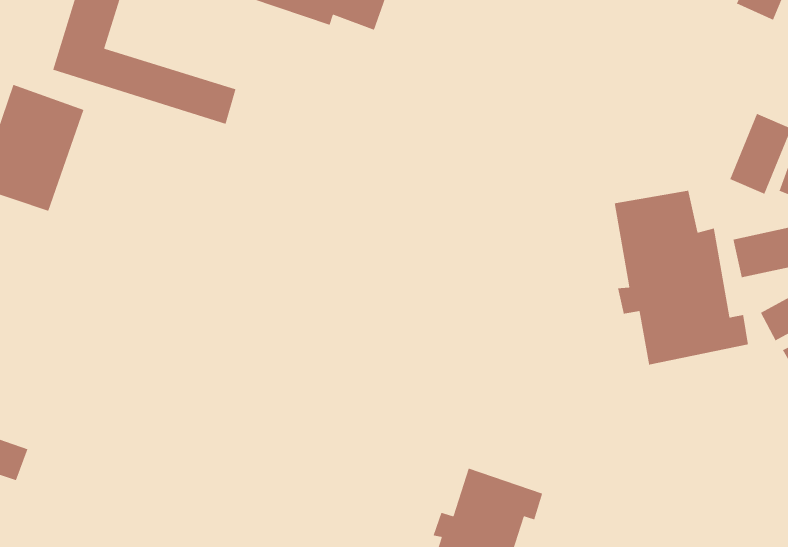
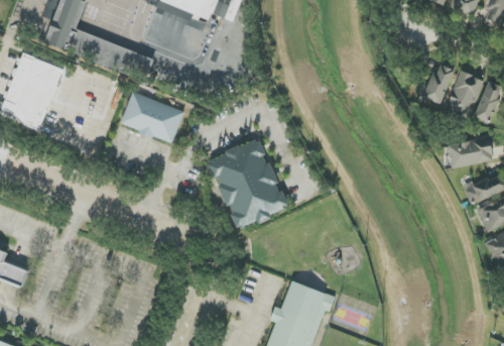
building: none -> [423,60,456,104]
building: none -> [120,91,183,144]
building: [614,190,749,365] -> none
building: none -> [209,138,287,230]

